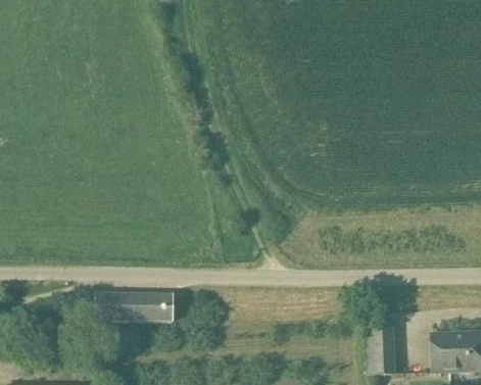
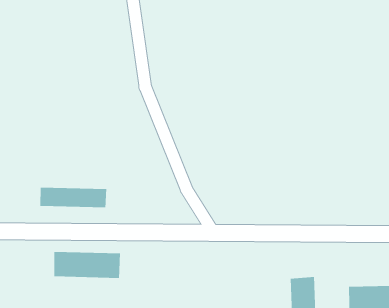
building: none -> [40,187,107,208]

